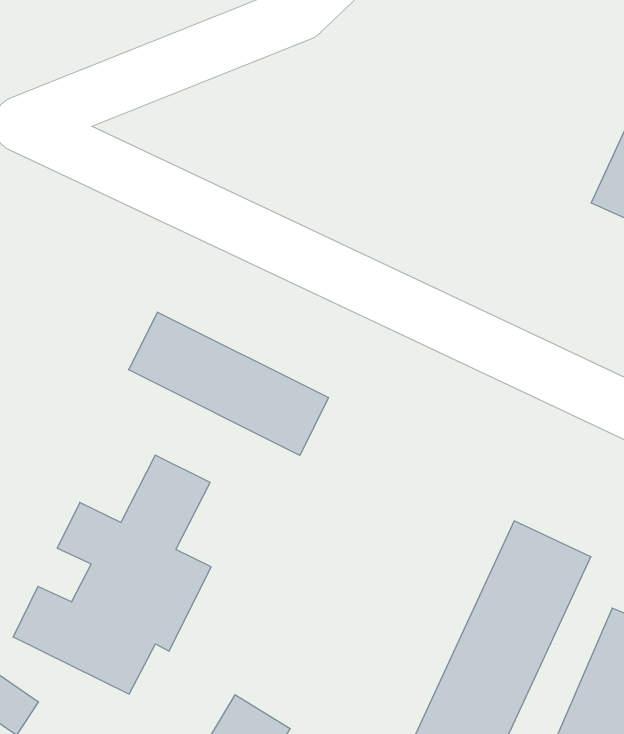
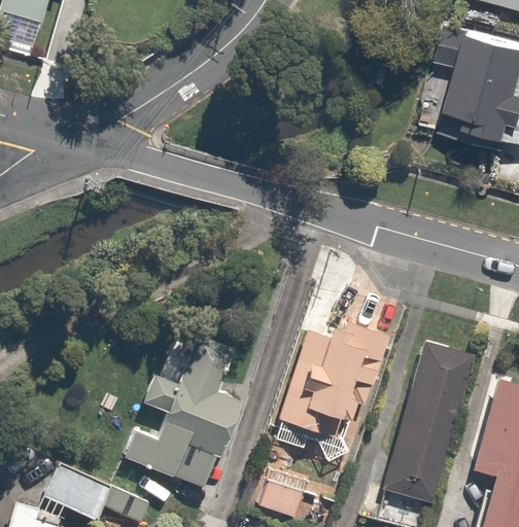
building: [129,312,328,455] -> none
building: none -> [272,318,387,461]

